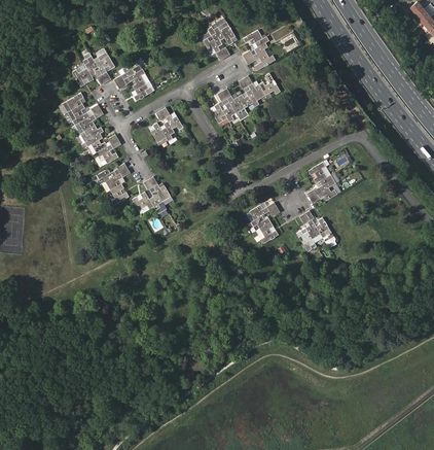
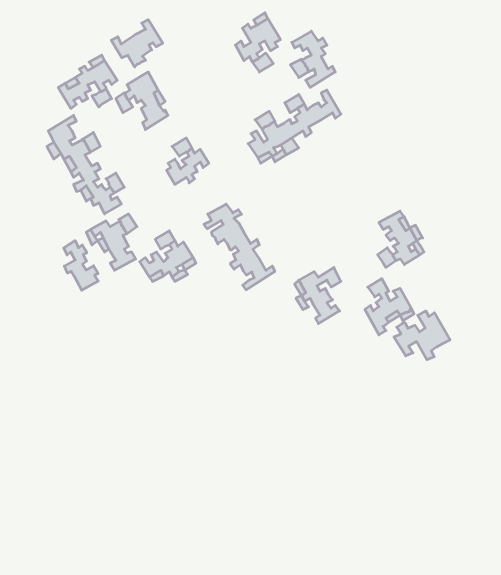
building: none -> [111,20,163,67]
building: none -> [204,204,275,290]
building: none -> [64,241,98,290]
building: none -> [394,311,450,360]

